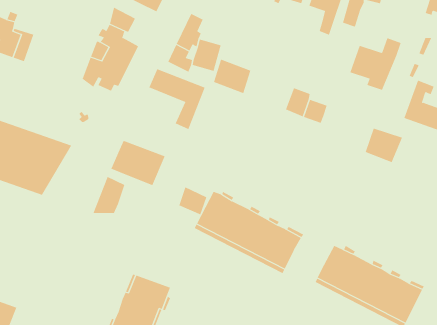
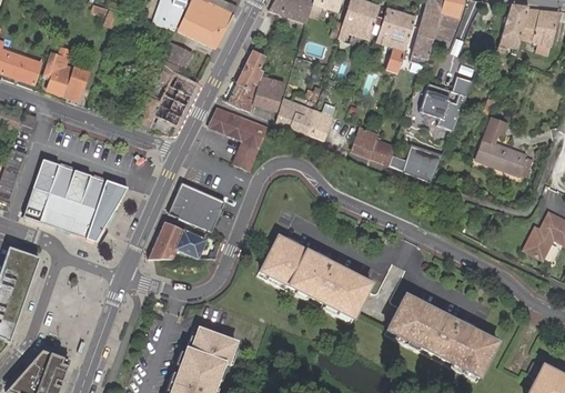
building: none -> [307,110,332,141]
building: [365,128,403,163] -> [402,145,442,182]
building: [178,186,207,215] -> [176,230,206,260]

